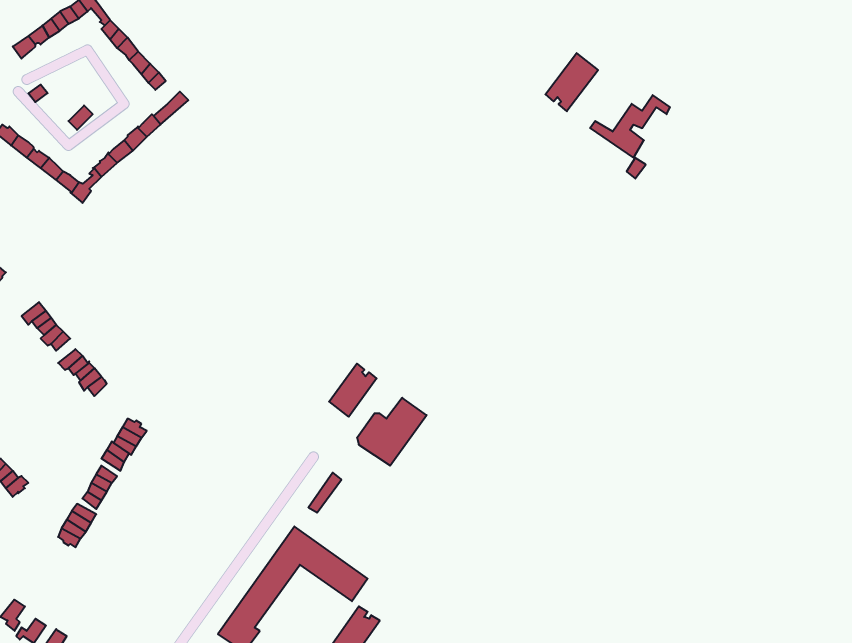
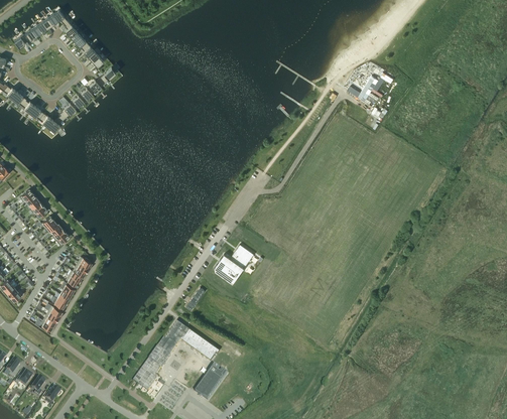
building: [545,53,598,111] -> none
building: [329,364,377,417] -> none

